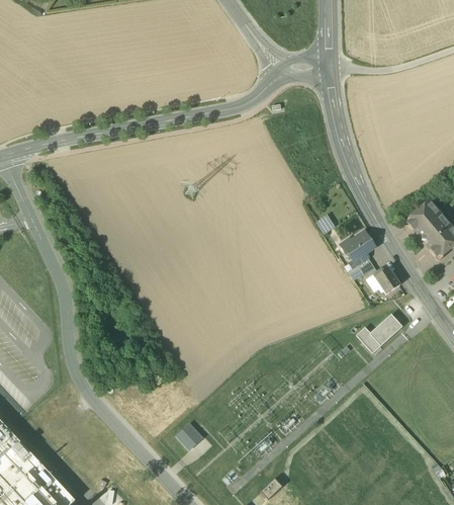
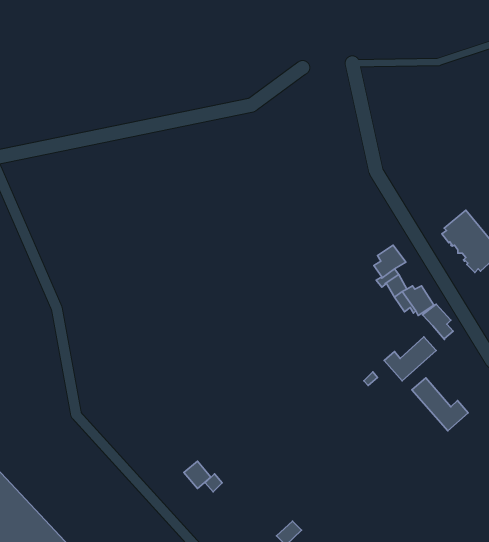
building: none -> [422,304,453,340]
building: none -> [412,378,468,431]

